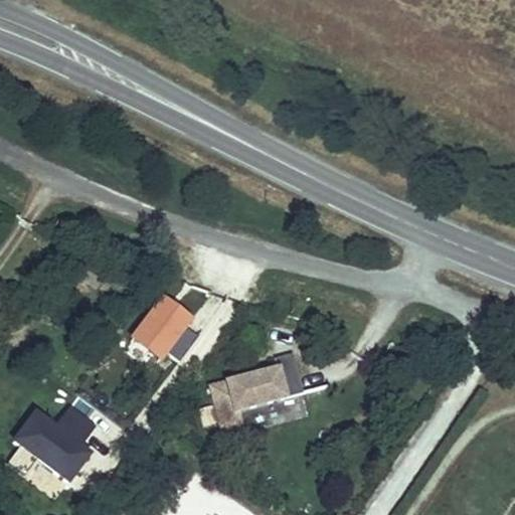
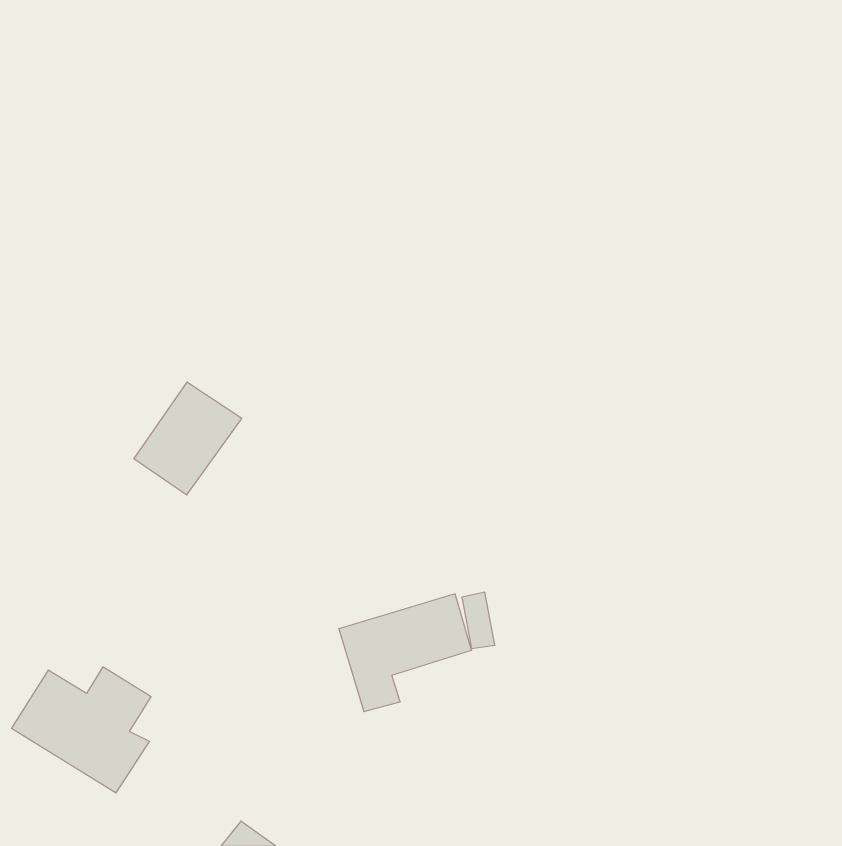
building: [130,292,195,360] -> [134,382,242,495]

